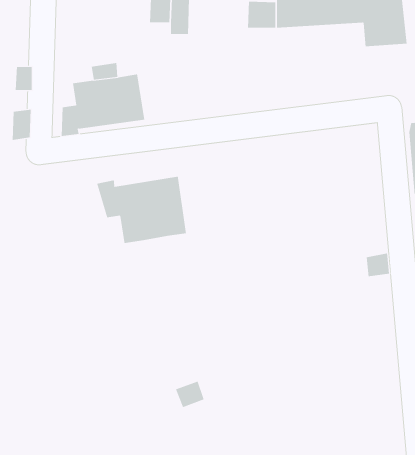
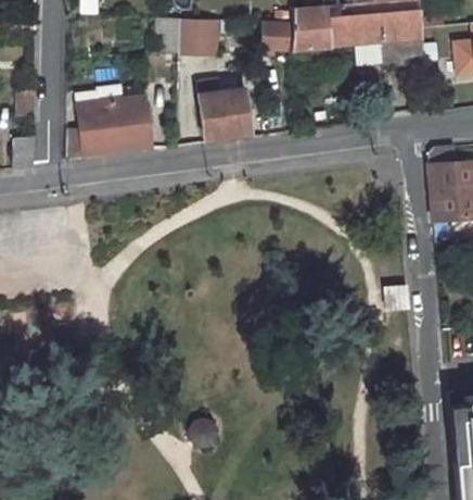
building: none -> [199,73,251,138]
building: [96,176,186,244] -> none

